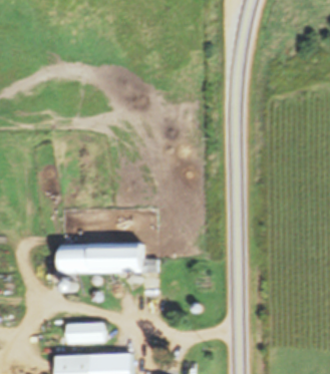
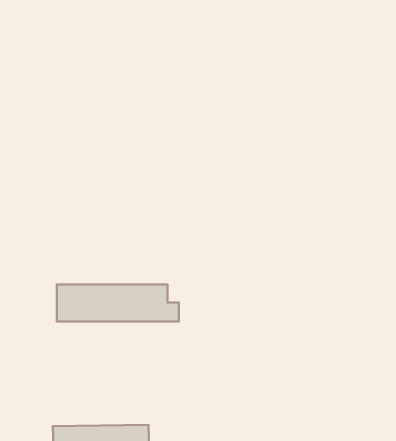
building: [65,323,103,343] -> none

